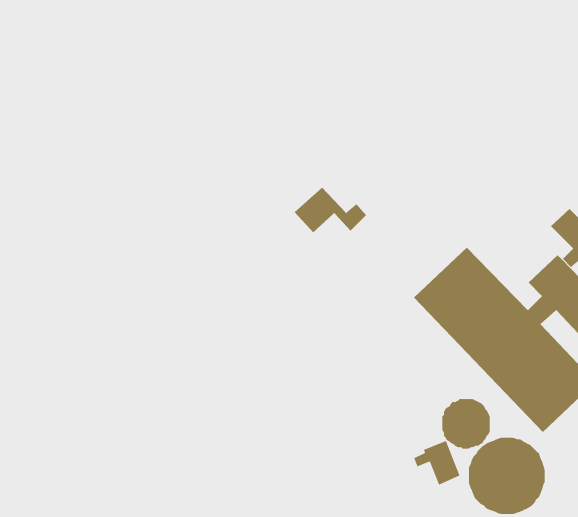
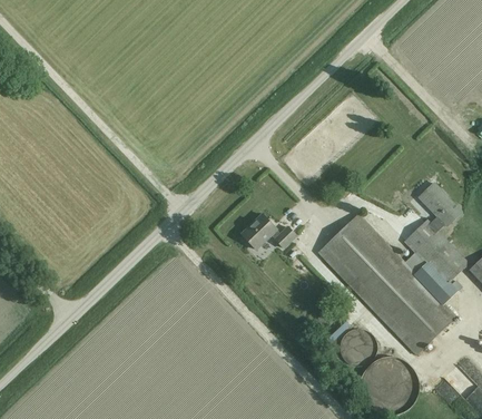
building: [294,187,367,233] -> [240,215,295,250]
building: [413,440,460,486] -> none

